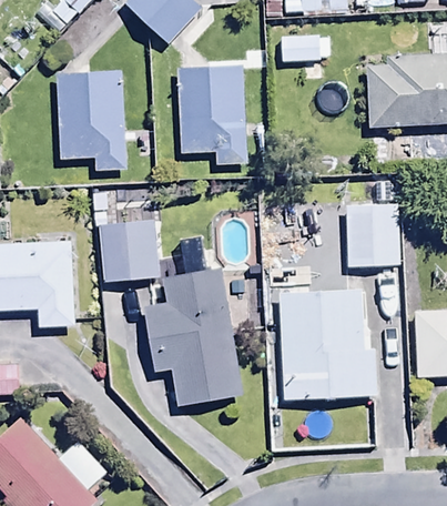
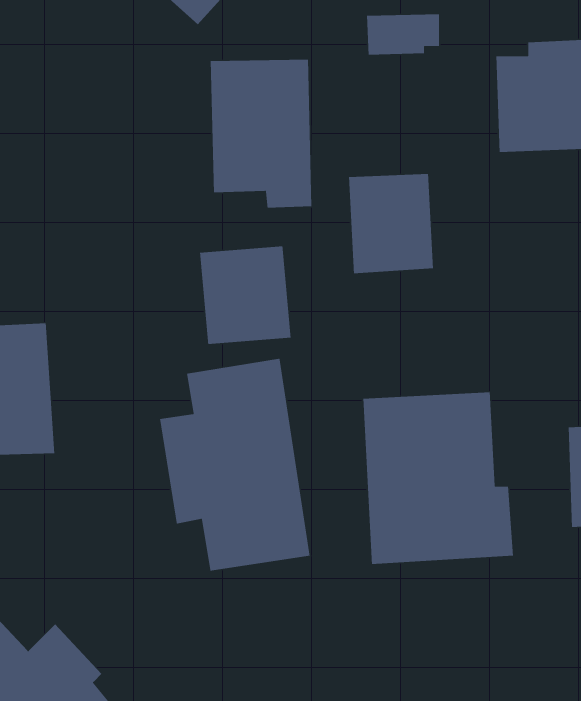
building: [55,68,124,171] -> none
building: [344,201,400,267] -> [348,173,434,274]
building: [98,219,159,284] -> [199,246,292,345]

